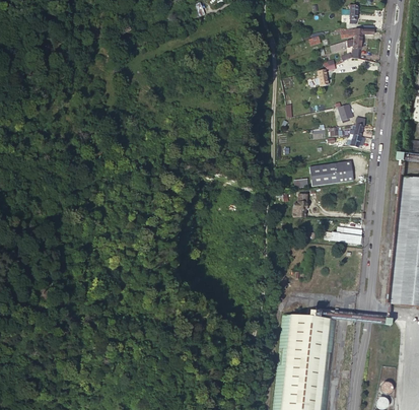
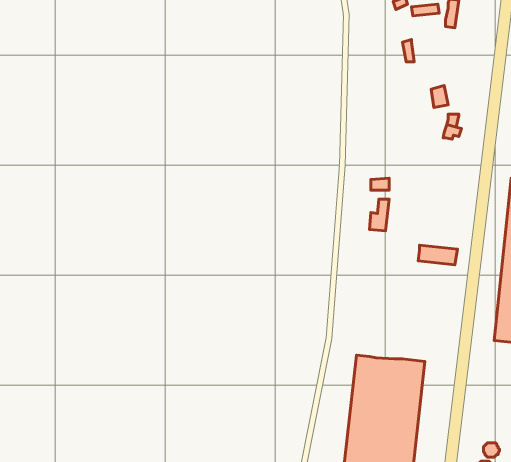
building: [313,161,353,186] -> none

